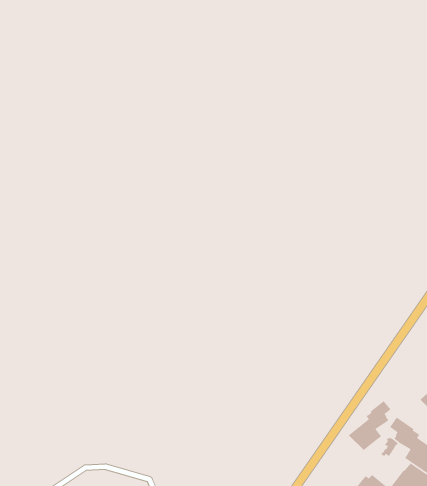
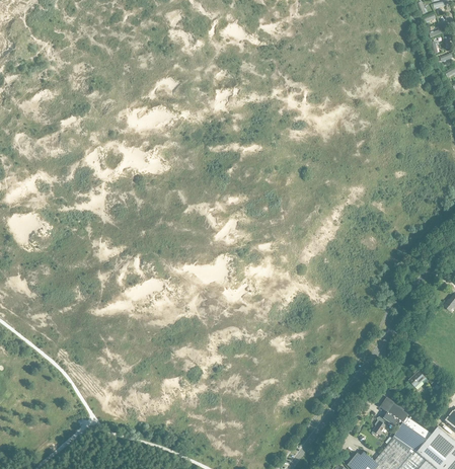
building: [348,400,391,451] -> none

